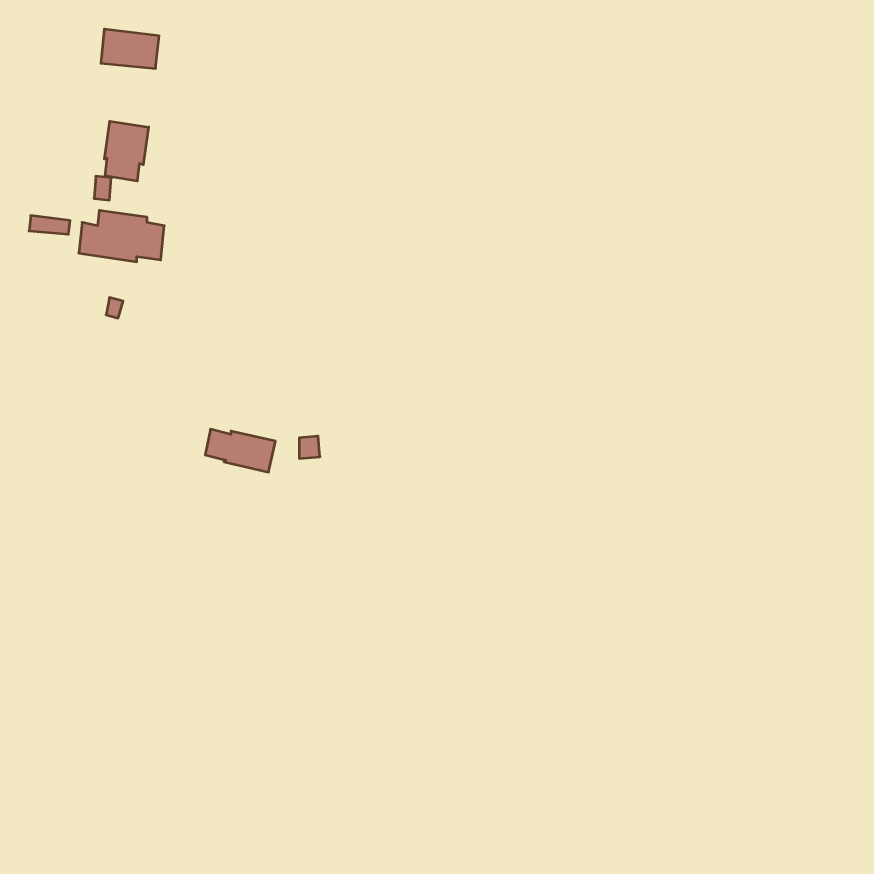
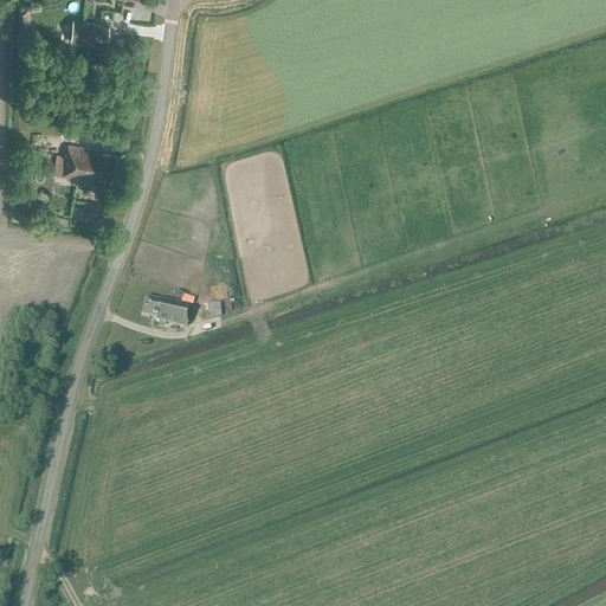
building: [104,121,149,181] -> none

